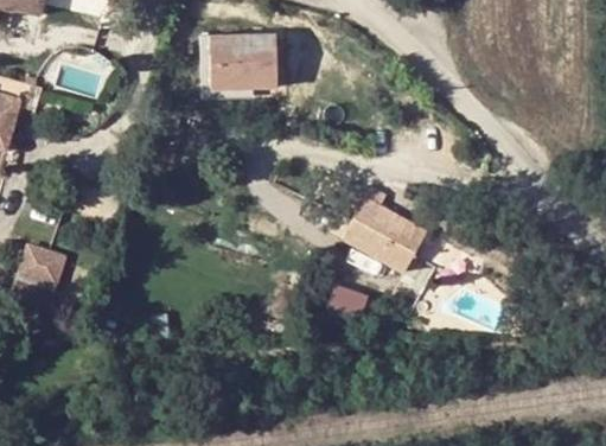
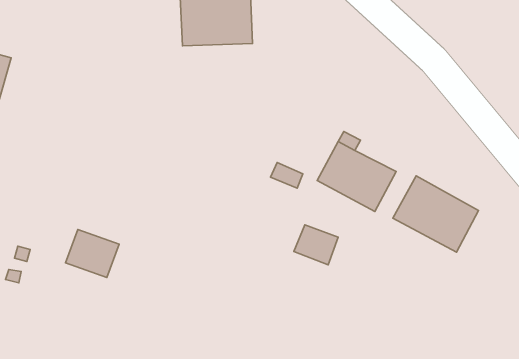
building: none -> [393,176,479,252]
building: [12,240,69,291] -> [66,230,119,277]

